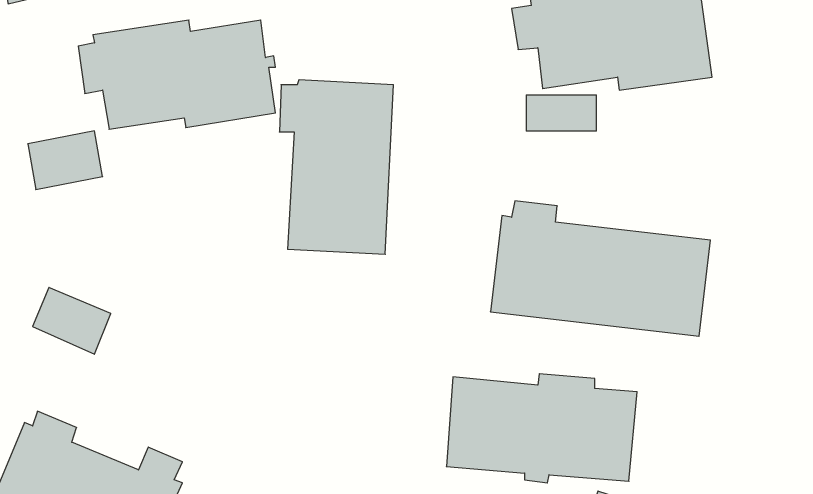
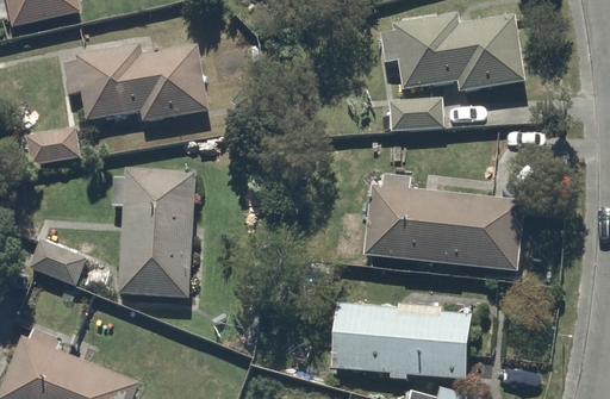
building: [279,80,393,254] -> [111,169,194,297]

